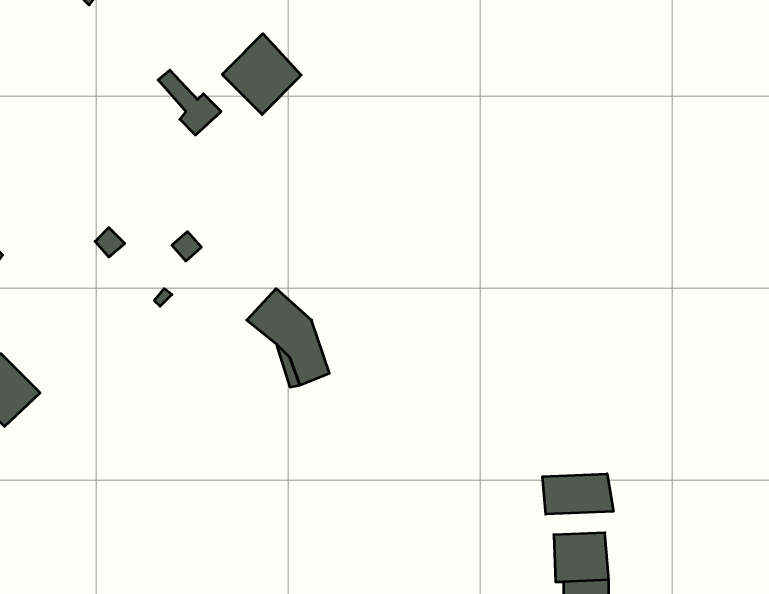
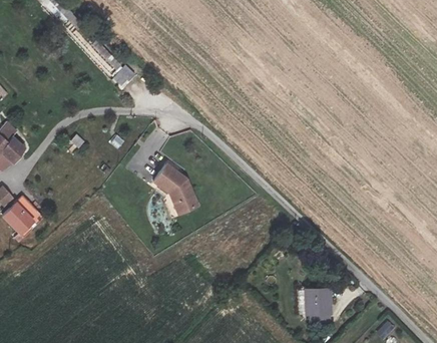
building: [222,34,301,115] -> none
building: [543,474,613,514] -> none

